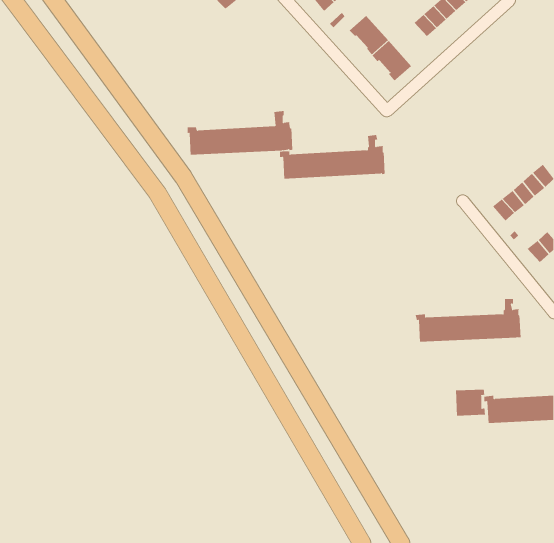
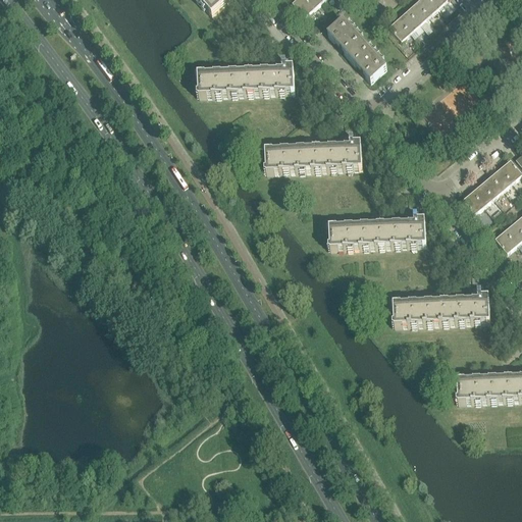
building: [187,111,293,155] -> [195,50,295,92]
building: none -> [326,204,426,245]
building: [455,389,485,416] -> none

